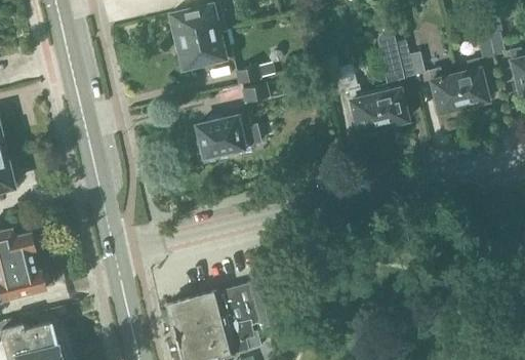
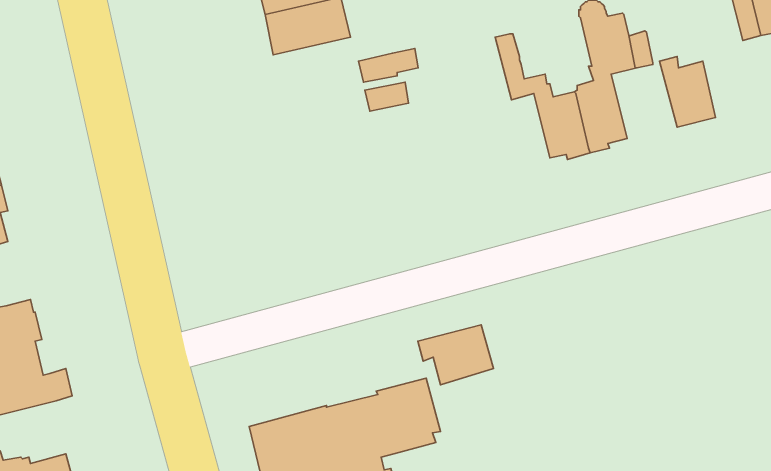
building: [456,59,489,108] -> none
building: [196,114,260,157] -> none
building: none -> [418,325,493,385]

